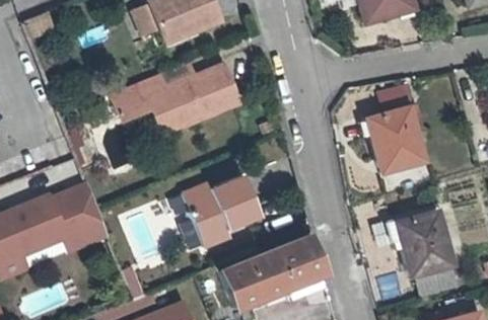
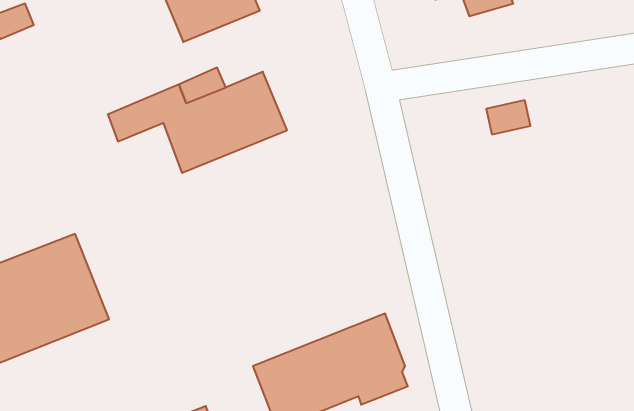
building: [365,103,427,174] -> none
building: [182,176,256,245] -> none
building: [392,211,456,281] -> none

